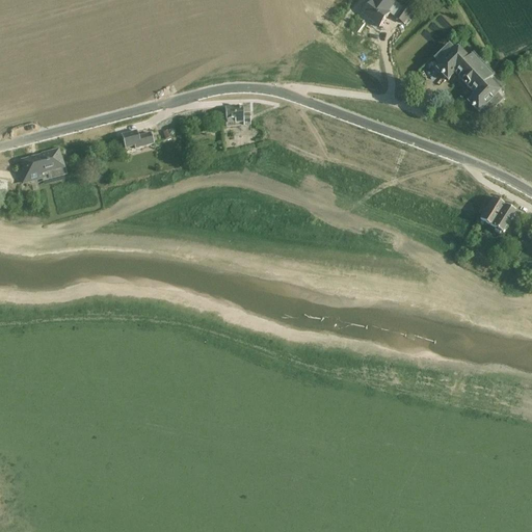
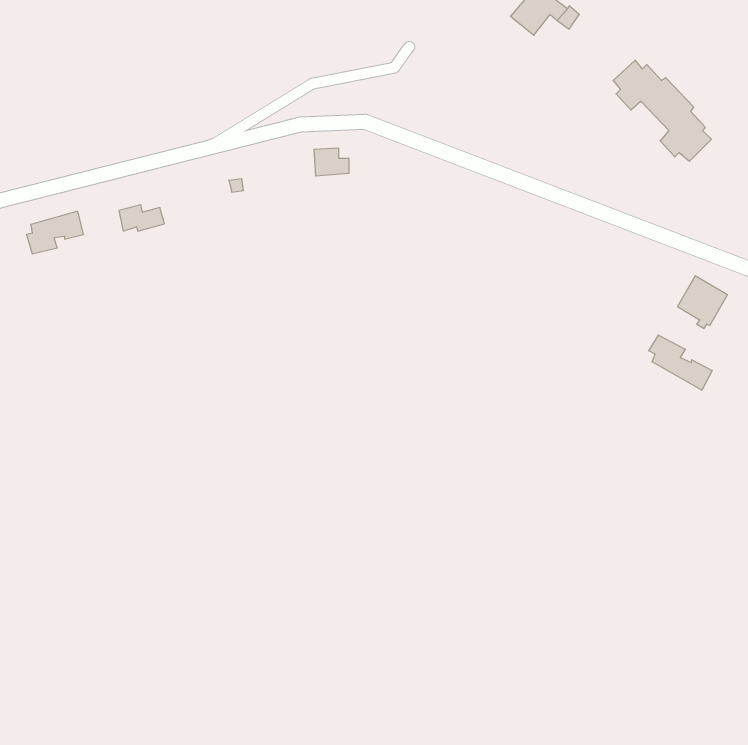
building: [118,129,151,148] -> [119,205,164,231]
building: none -> [649,335,712,390]

